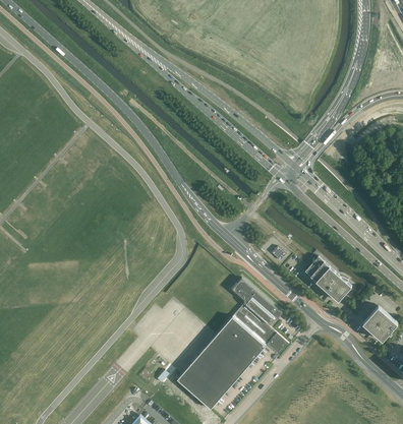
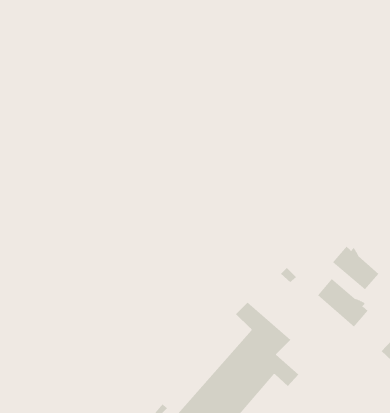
building: none -> [332,246,379,290]

